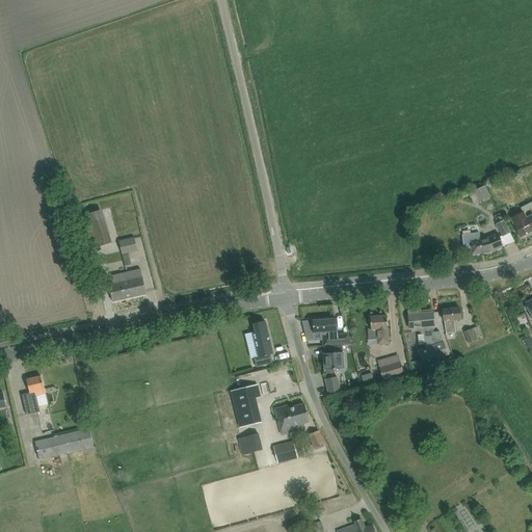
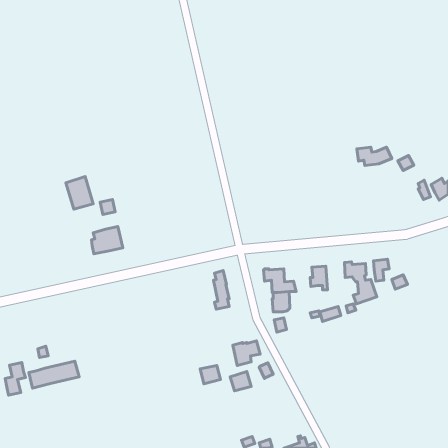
building: [461,232,503,254] -> [357,147,392,166]
building: [21,375,45,414] -> [5,363,25,395]
building: [230,383,261,426] -> none

